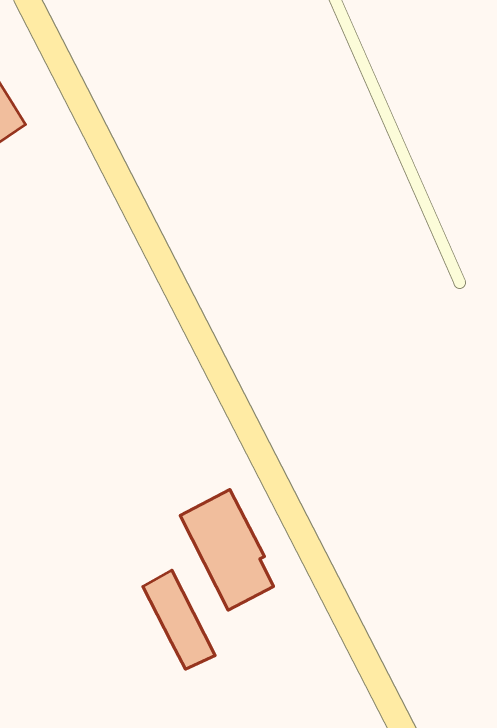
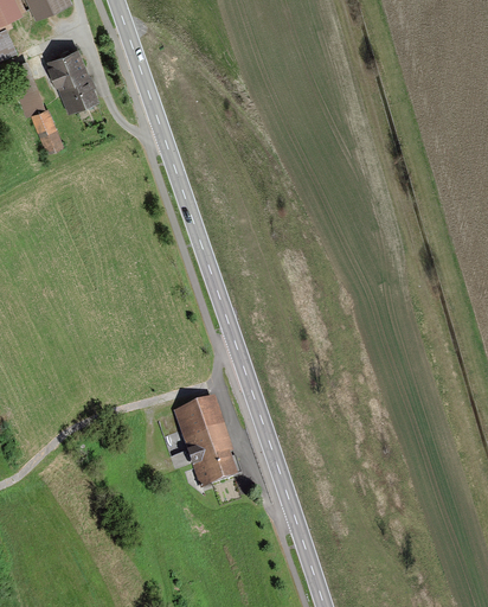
building: [143,570,215,669] -> none

